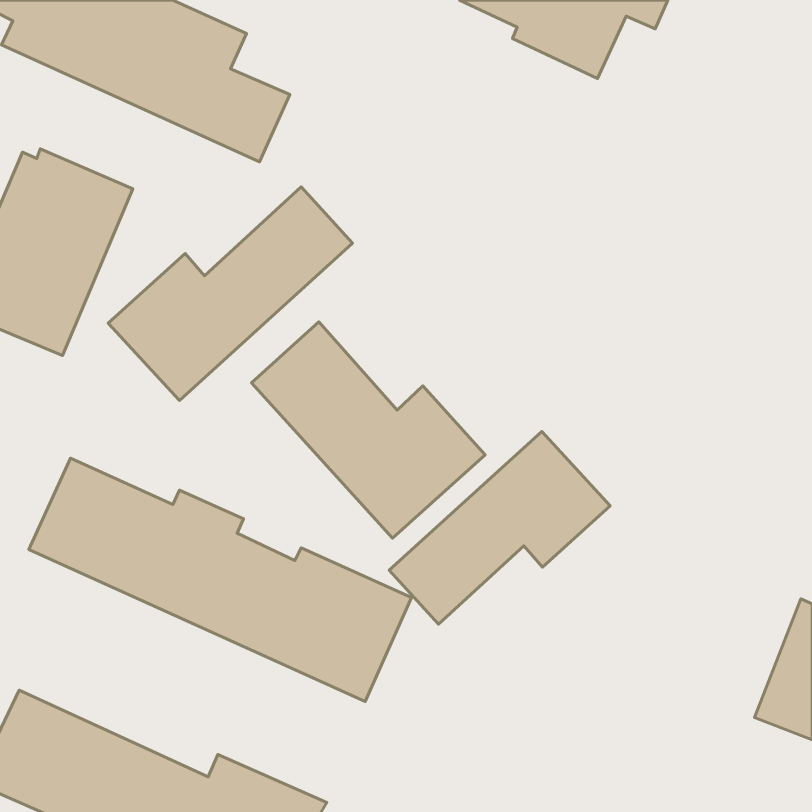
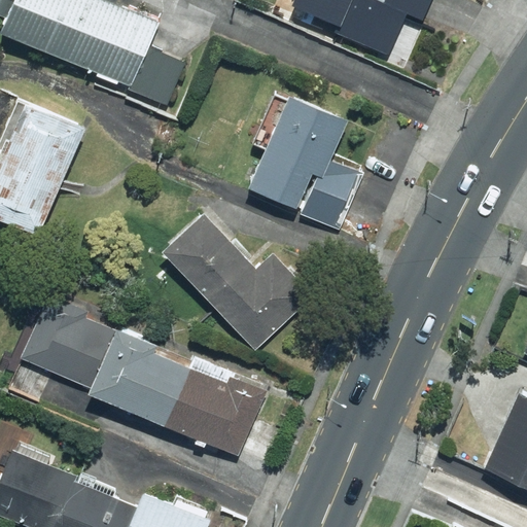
building: none -> [247,89,362,230]
building: [108,187,353,400] -> none
building: [389,432,610,624] -> none

